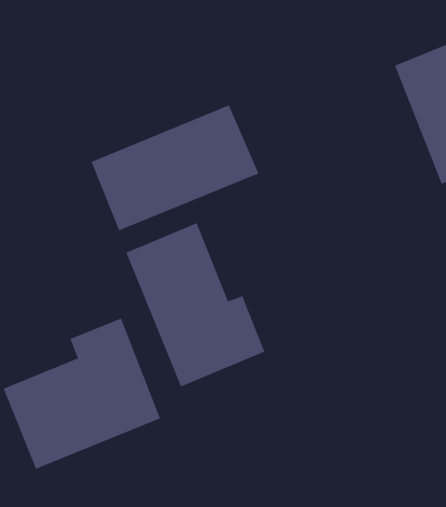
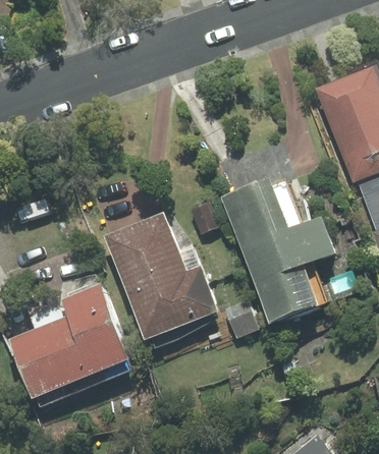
building: [91,104,259,231] -> none
building: none -> [219,171,337,327]

